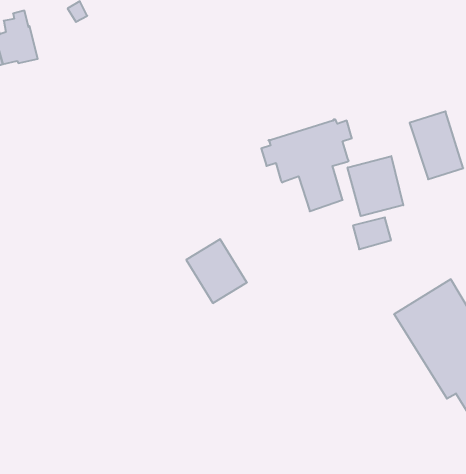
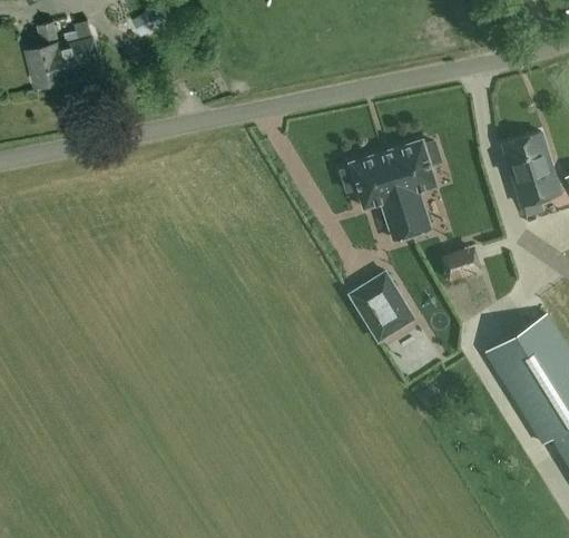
building: [348,156,403,216] -> none
building: [186,239,247,303] -> [349,272,414,341]

